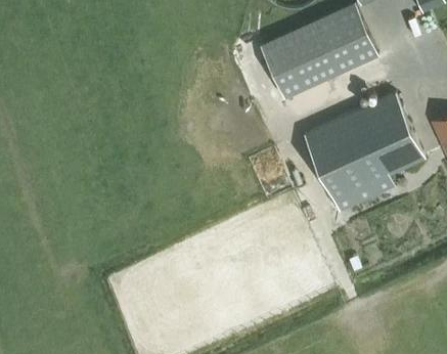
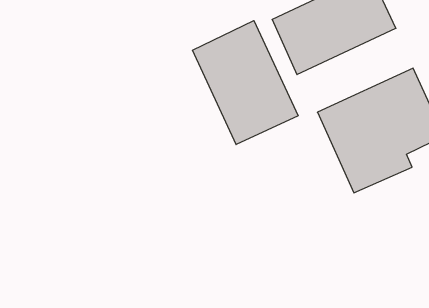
building: none -> [193,21,298,145]

